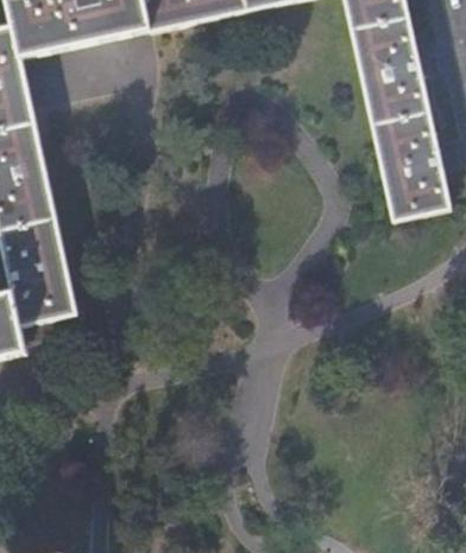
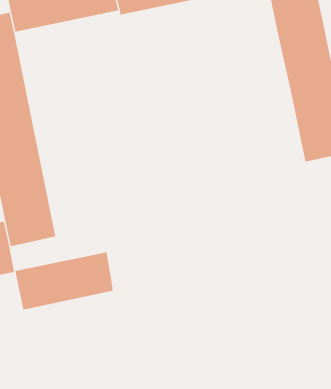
building: none -> [15,251,114,311]

